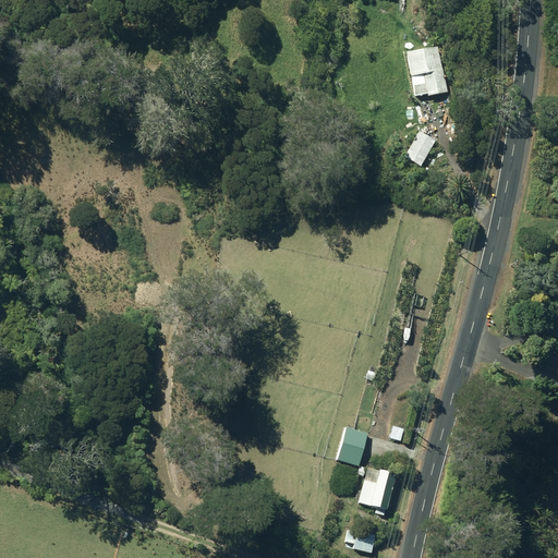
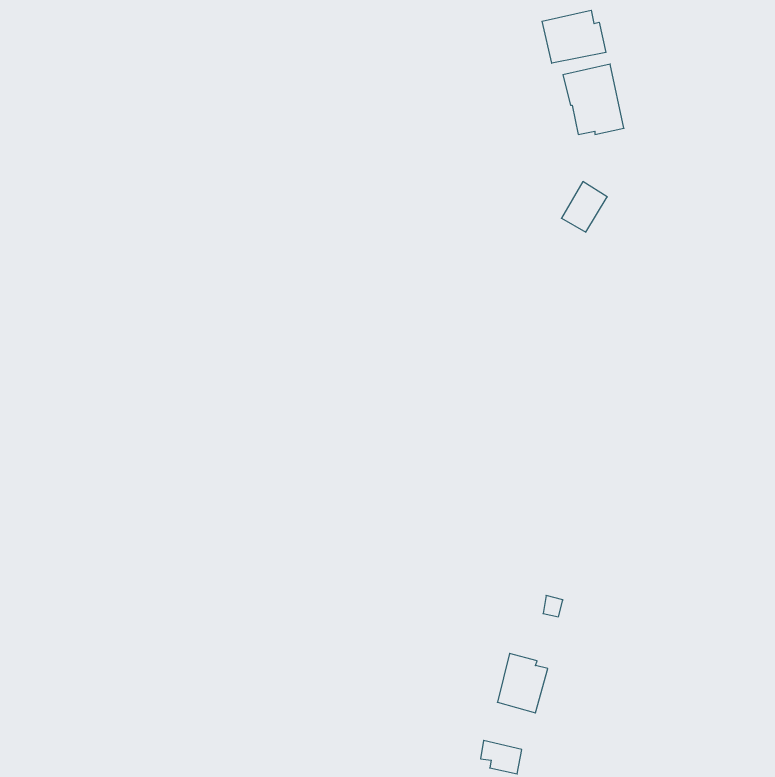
building: none -> [542,10,606,63]
building: [337,426,368,465] -> none

